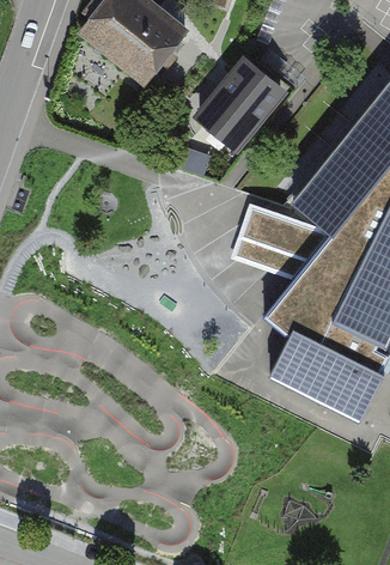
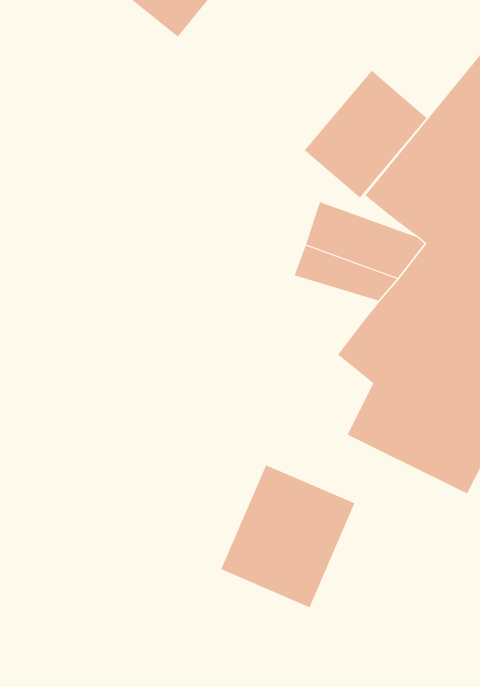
building: [196,60,288,156] -> [304,70,428,198]
building: none -> [220,464,355,608]

